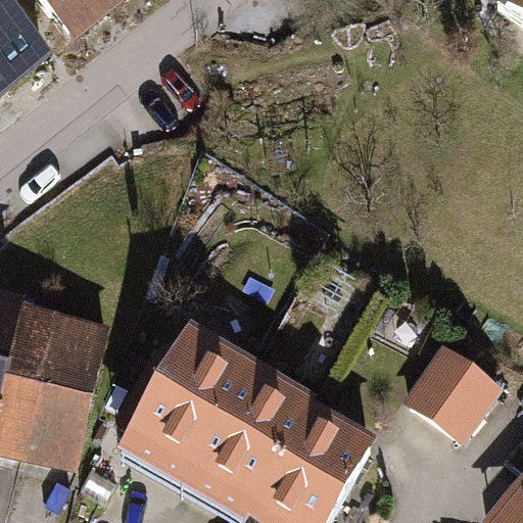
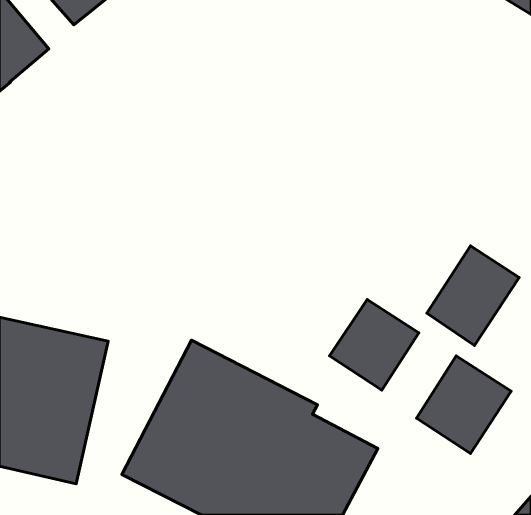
building: none -> [427,246,519,346]
building: none -> [329,299,419,390]

